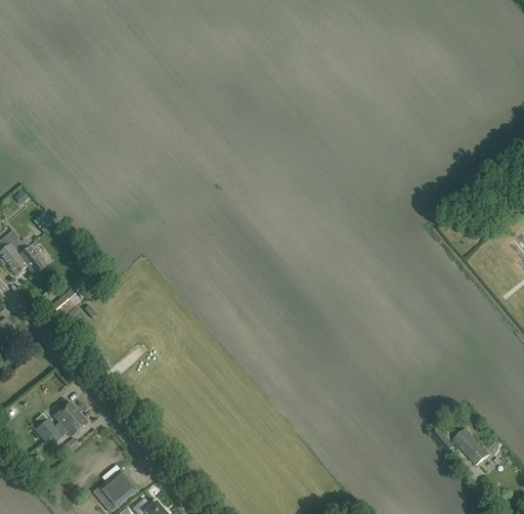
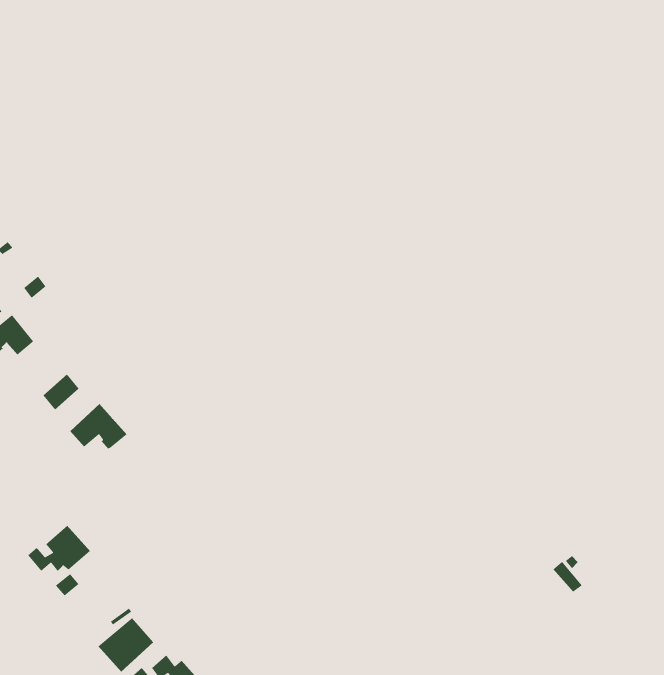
building: none -> [69,403,128,449]
building: [452,427,488,464] -> none

